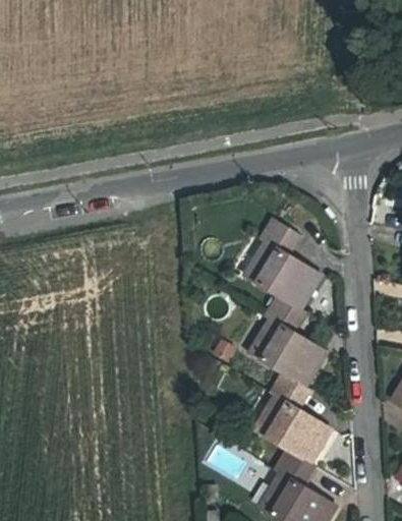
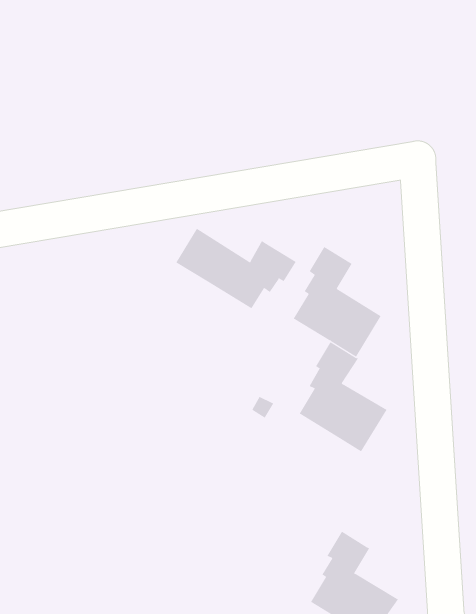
building: none -> [175,228,297,309]
building: [259,372,331,463] -> none

